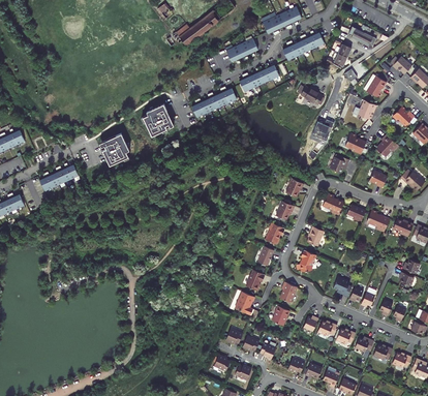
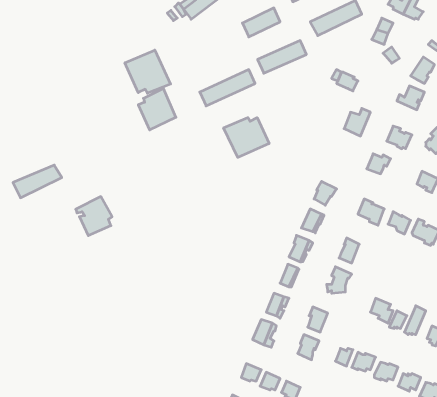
building: none -> [125,50,171,93]
building: none -> [224,118,269,157]
building: [97,132,127,164] -> [76,197,112,236]

